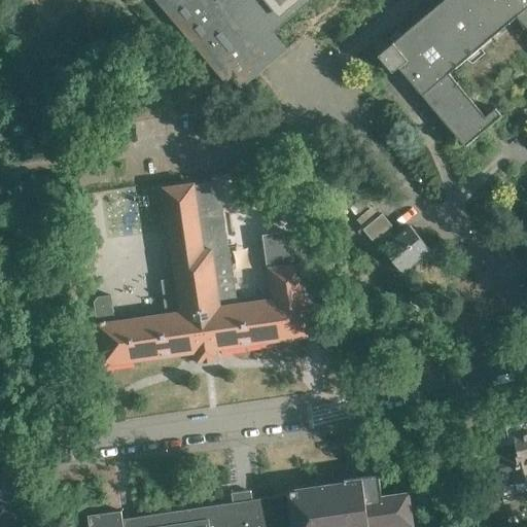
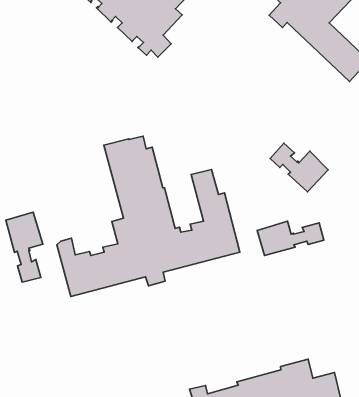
building: none -> [6,212,43,282]
building: none -> [257,221,324,256]

